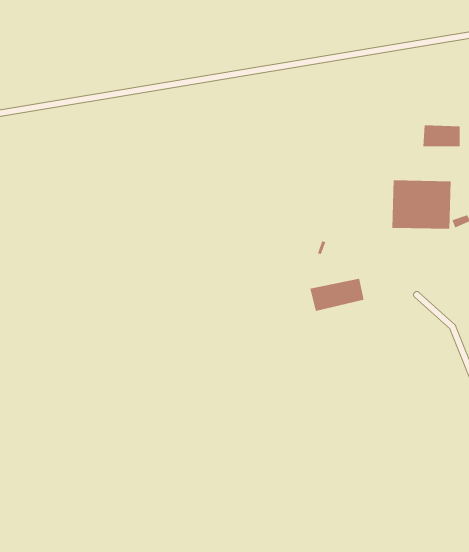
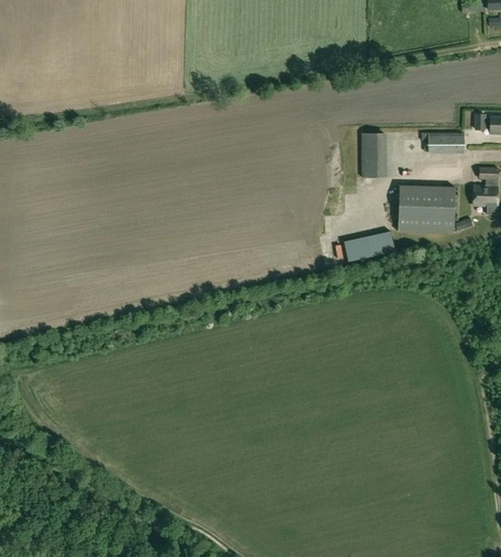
building: none -> [361,133,387,177]
building: [309,278,365,311] -> [343,230,396,261]

